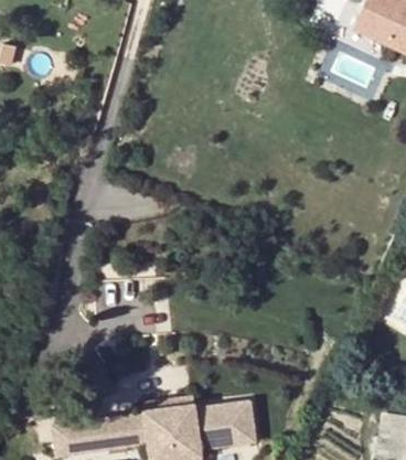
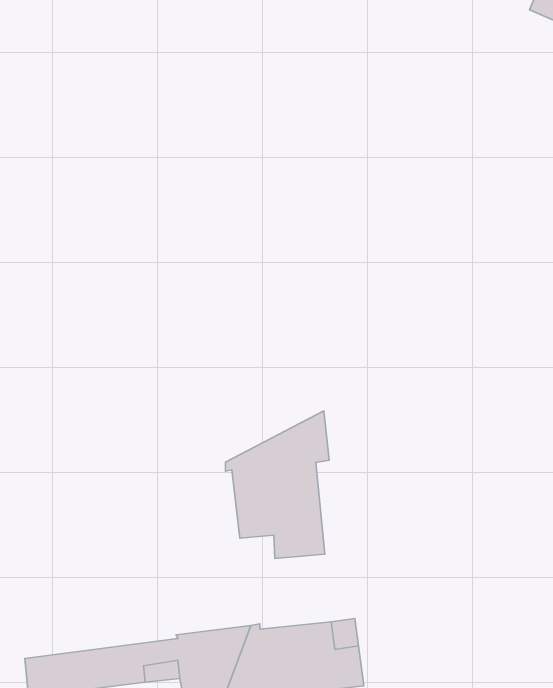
building: none -> [225,411,329,558]

